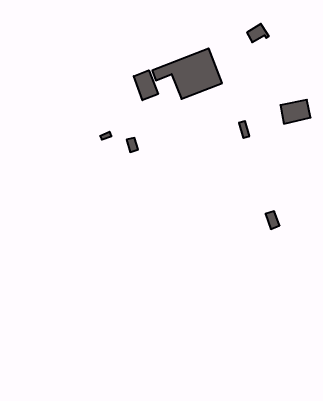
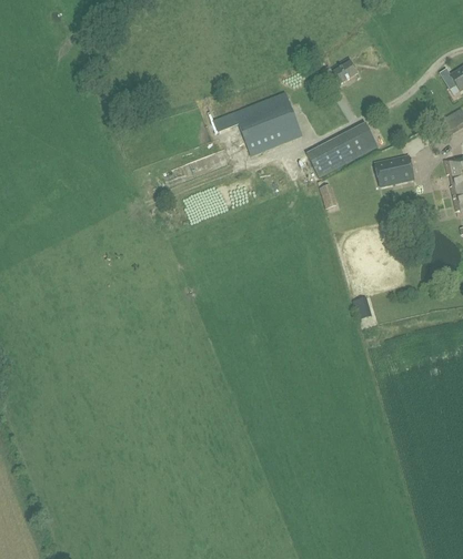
building: [134,70,158,100] -> none
building: none -> [306,122,378,176]

